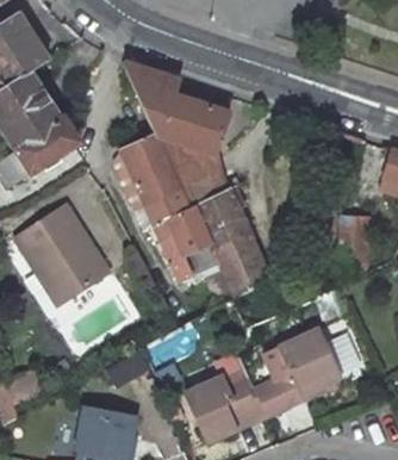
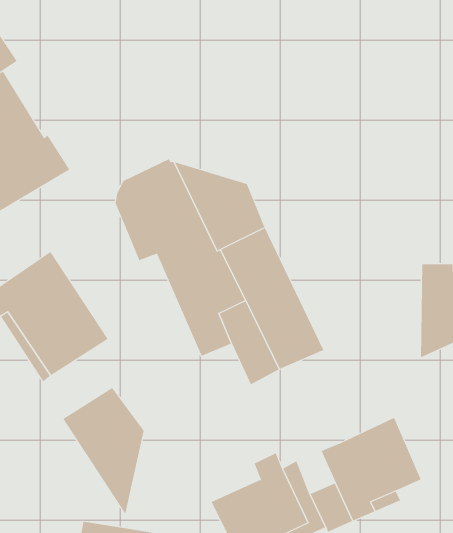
building: [119,55,226,155] -> none
building: none -> [62,387,144,515]

